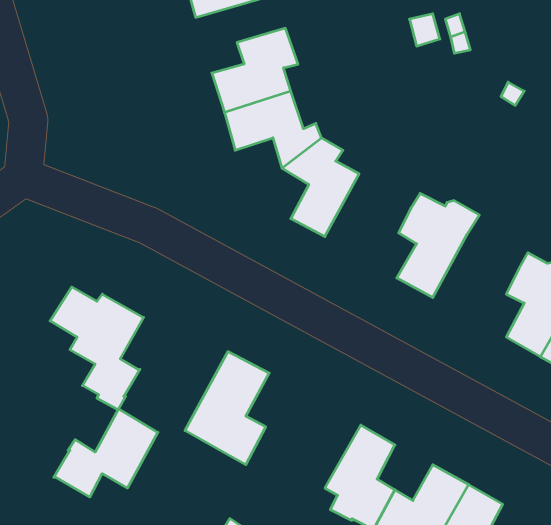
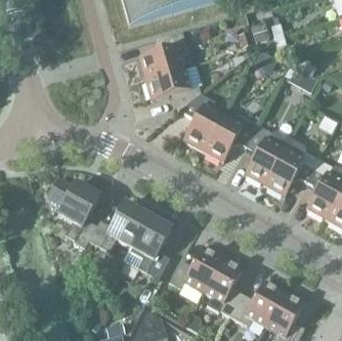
building: none -> [203,114,257,161]
building: none -> [264,137,318,196]
building: none -> [168,246,223,293]
building: [54,409,158,497] -> [88,202,147,252]

